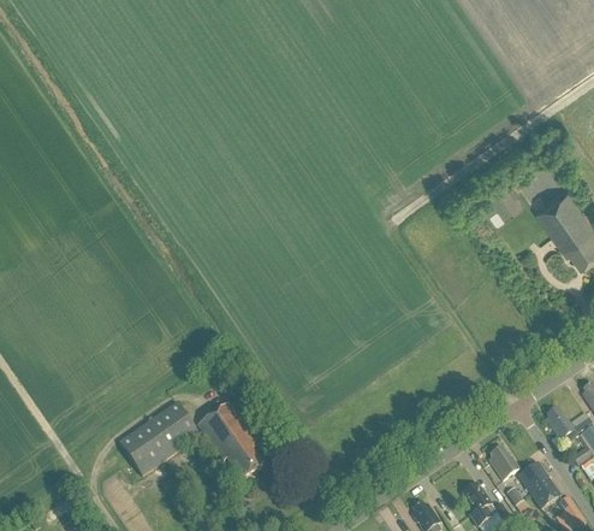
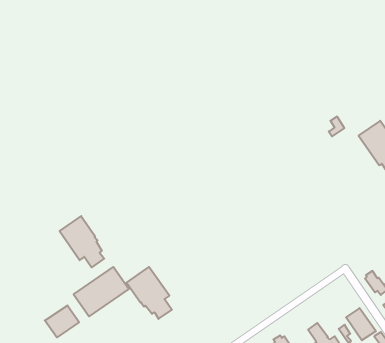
building: none -> [60,216,104,267]
building: [486,446,517,479] -> none
building: none -> [45,305,79,337]

